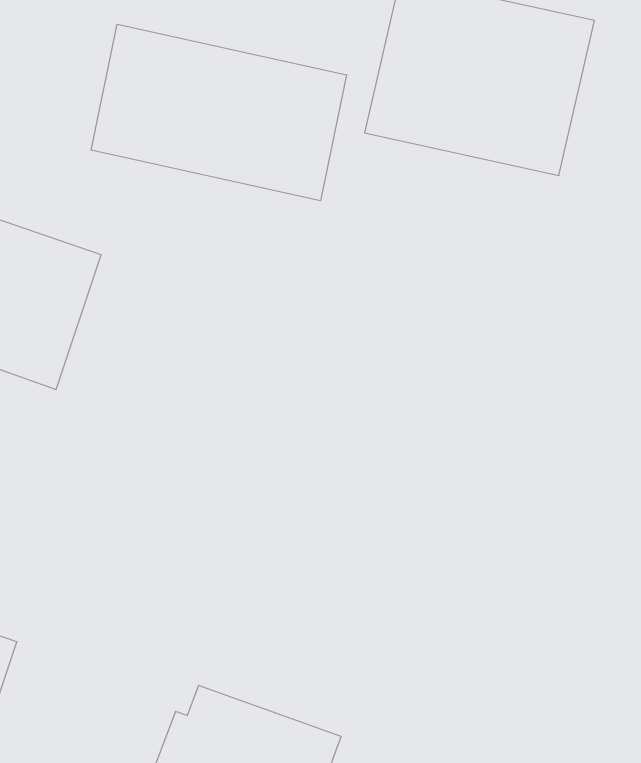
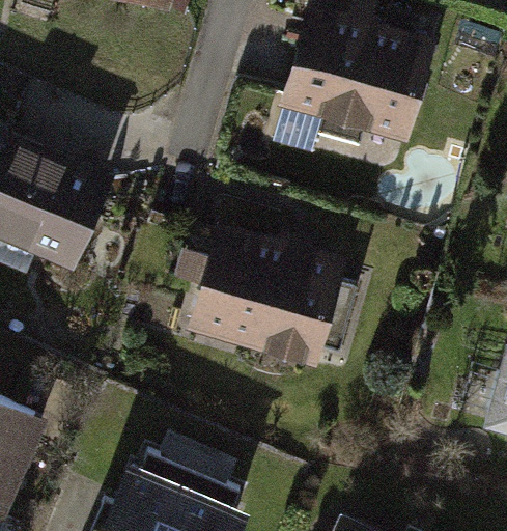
building: [91,24,347,201] -> none
building: none -> [196,235,342,365]

